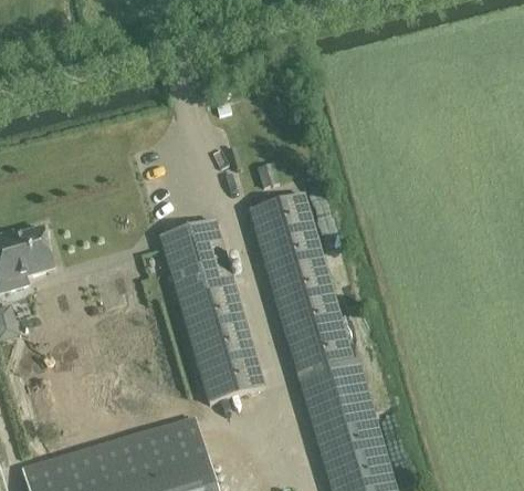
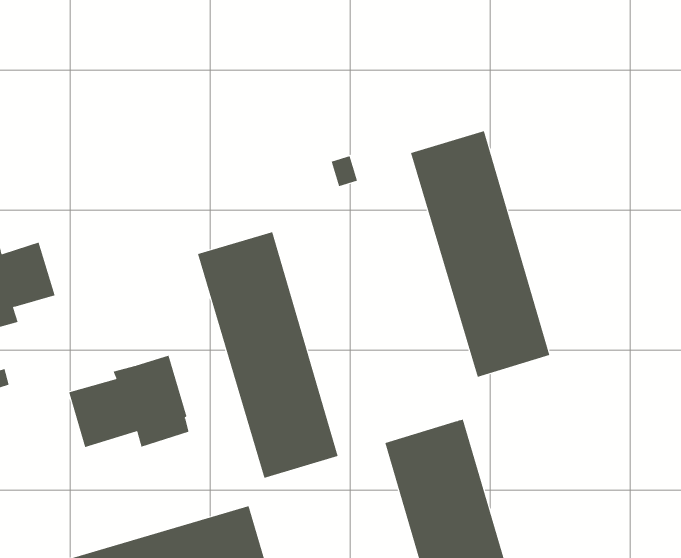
building: [250,194,354,377] -> [410,130,550,378]
building: none -> [69,355,189,448]

